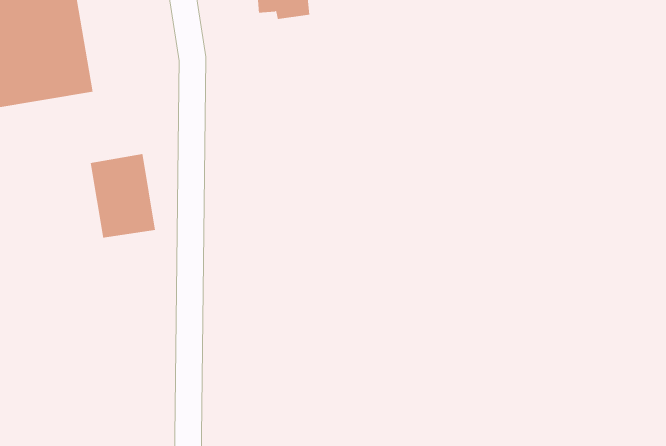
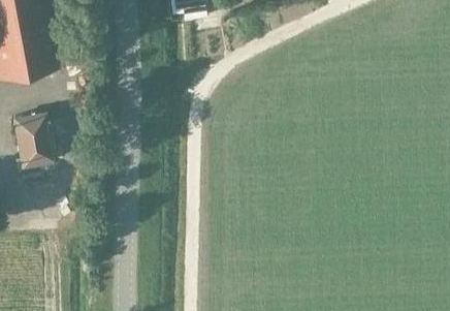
building: [90,153,156,238] -> [12,112,56,167]

